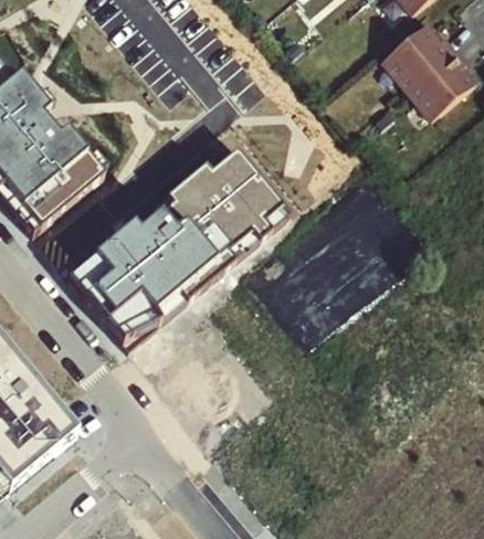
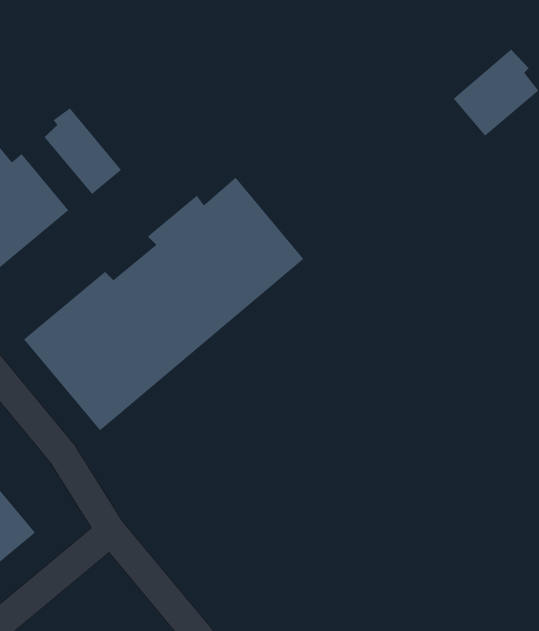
building: [382,14,455,81] -> none
building: none -> [44,107,122,195]

